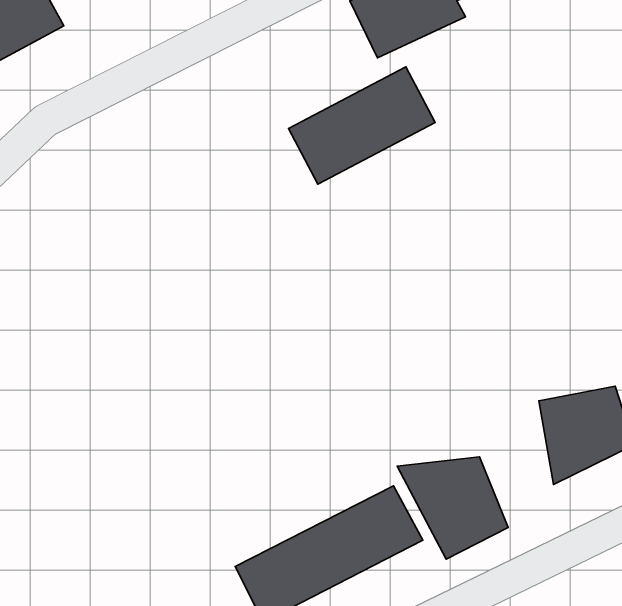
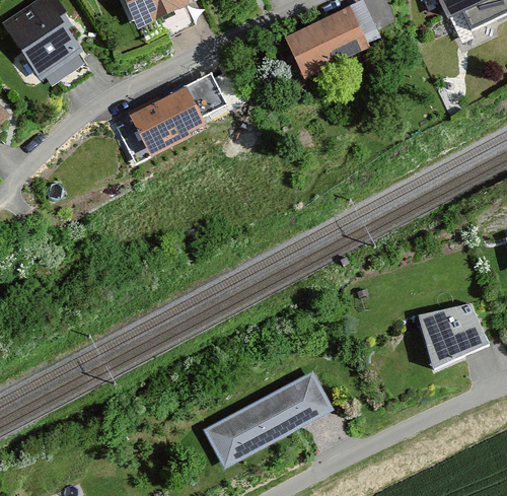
building: [289,67,435,184] -> [132,73,233,154]
building: [397,457,508,559] -> none

